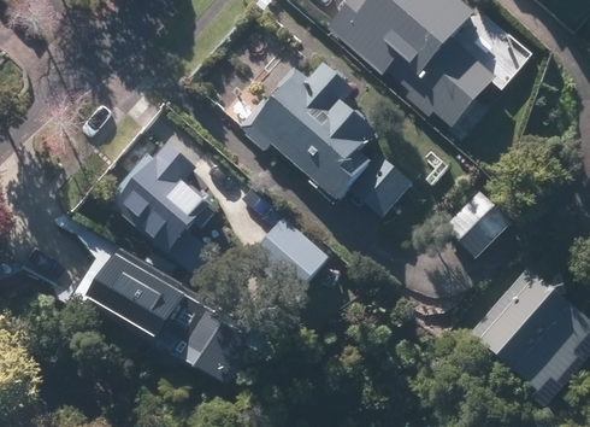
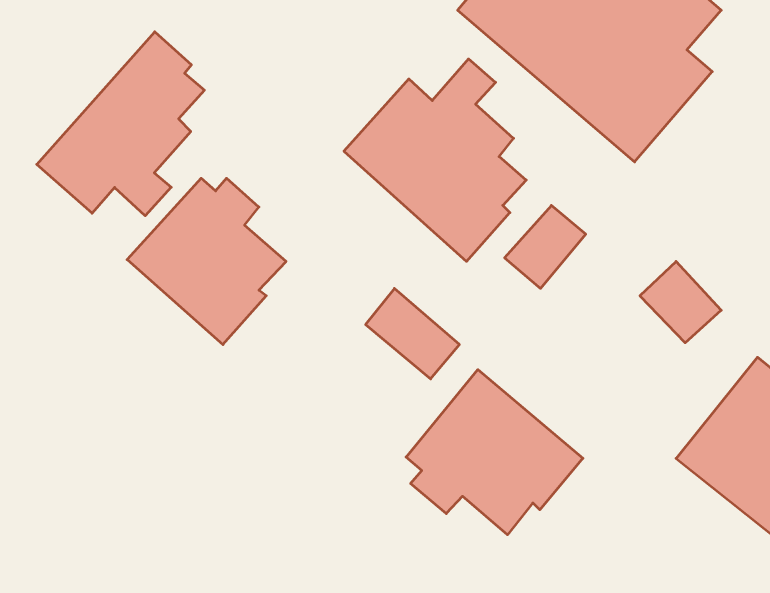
building: none -> [37,32,204,216]
building: [87,255,252,381] -> none
building: none -> [406,370,583,535]

